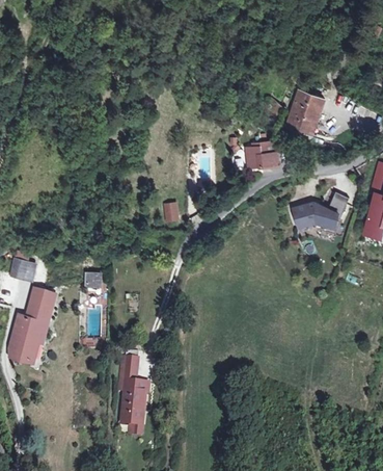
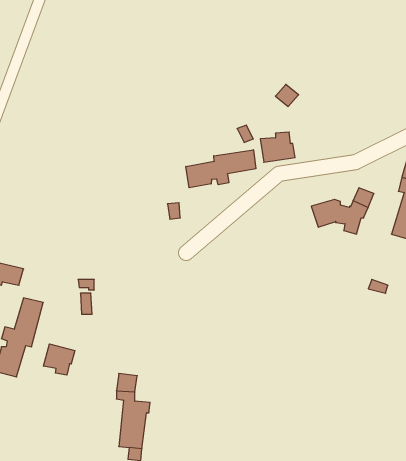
building: [286,91,325,135] -> none
building: none -> [186,150,256,188]
building: none -> [44,344,75,375]

